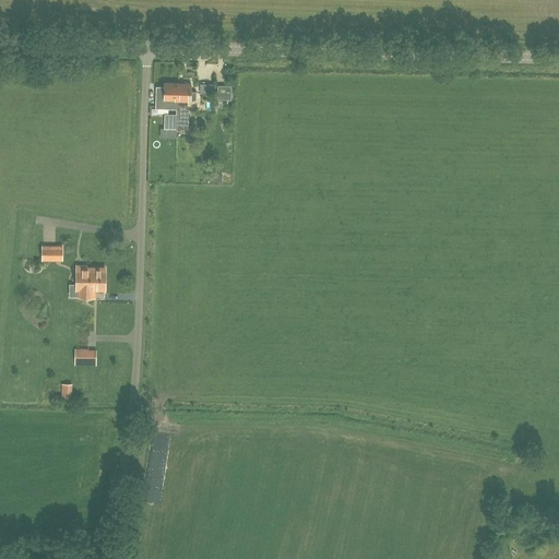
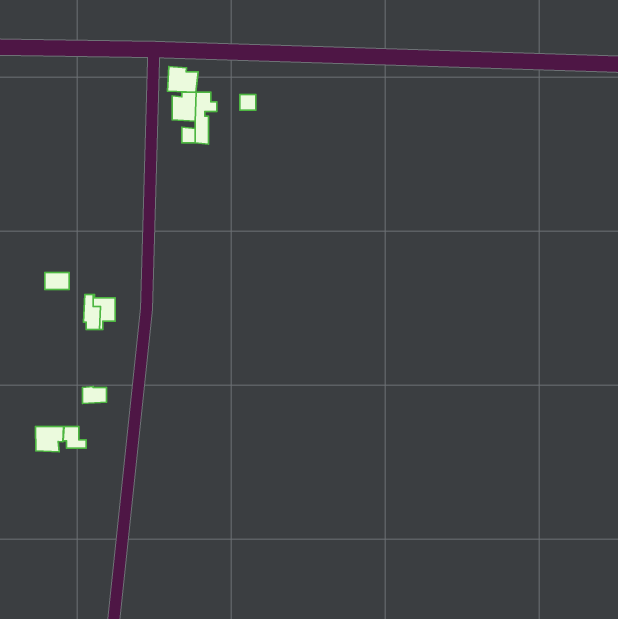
building: none -> [168,67,198,92]
building: none -> [36,427,64,452]

